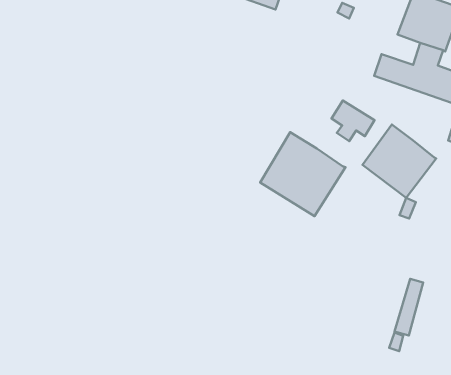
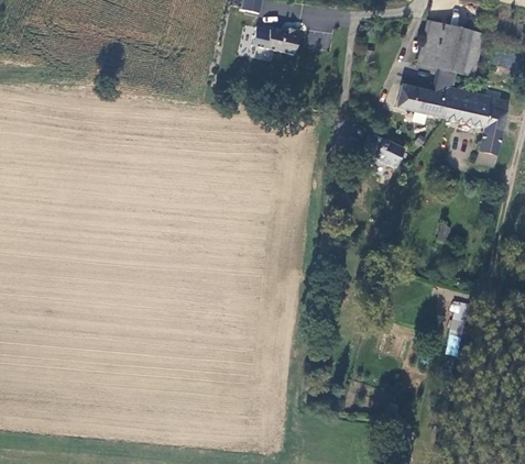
building: [362,124,436,198] -> none
building: [260,132,346,216] -> none

